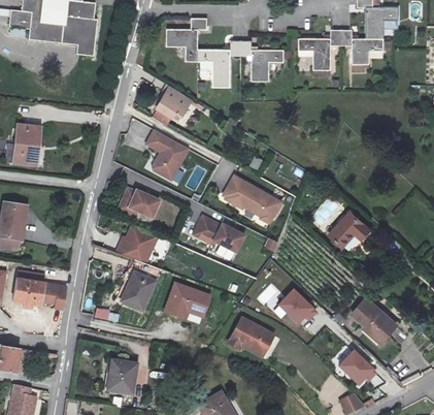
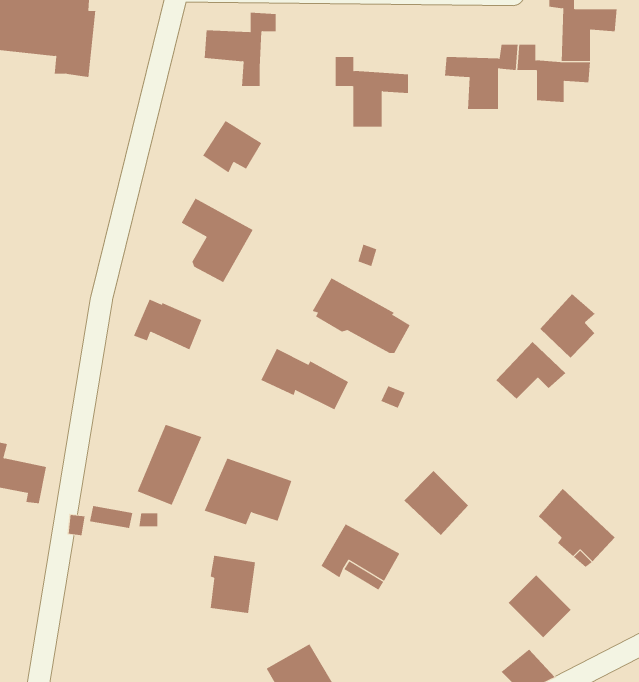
building: [193,44,236,91] -> none
building: none -> [539,293,596,358]
building: [116,222,157,263] -> none
building: [109,358,136,392] -> [210,555,256,614]

